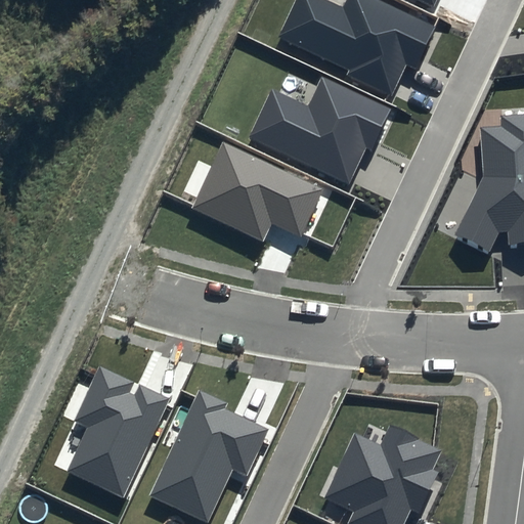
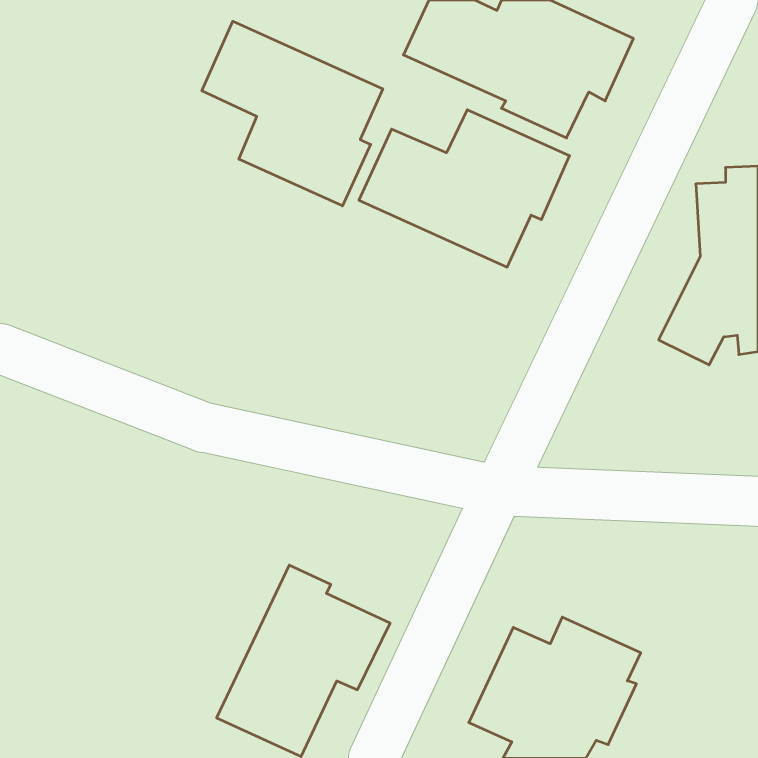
building: none -> [202,21,383,206]
building: [190,140,324,242] -> none
building: [67,366,170,498] -> none

